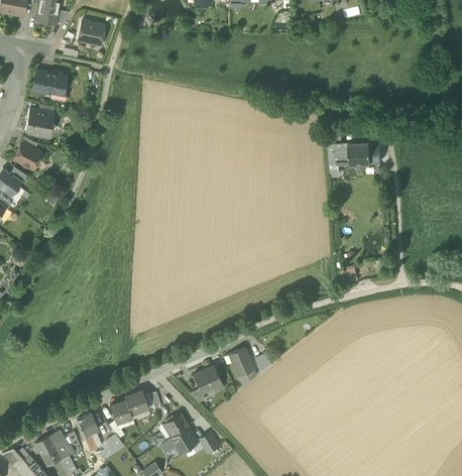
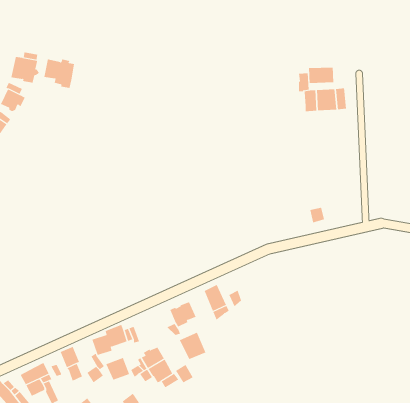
building: [33,69,67,100] -> [44,59,75,89]
building: none -> [308,67,334,84]
building: none -> [179,332,206,360]
building: none -> [105,357,130,381]

